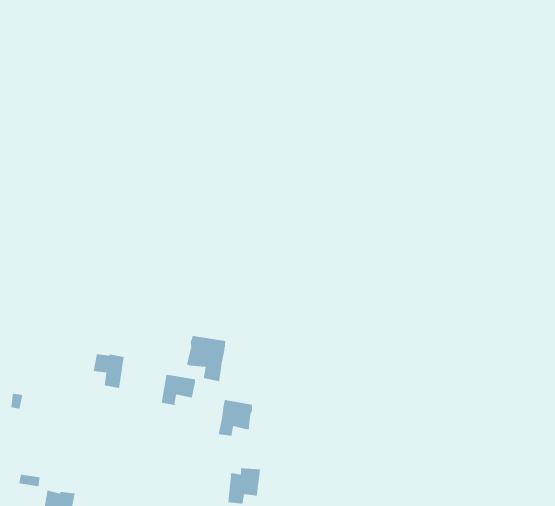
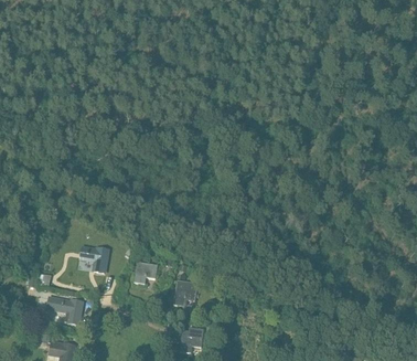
building: [186,335,226,382] -> none
building: none -> [56,299,83,325]

